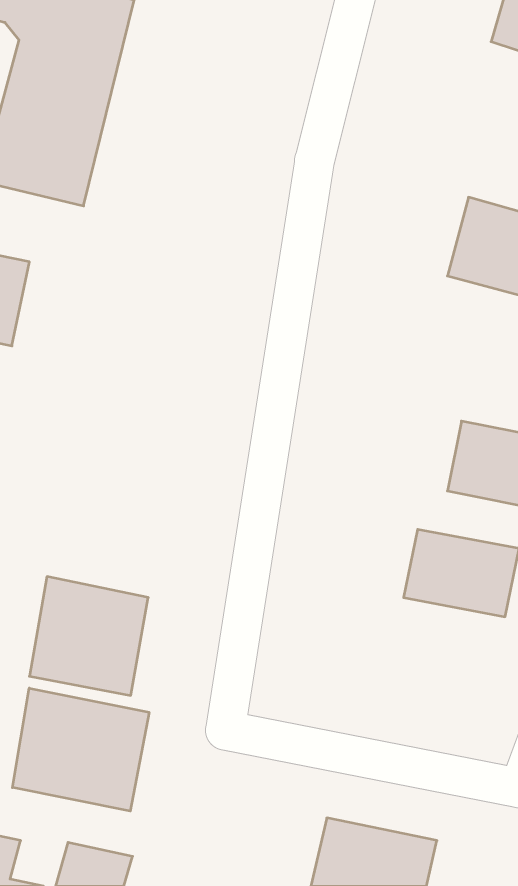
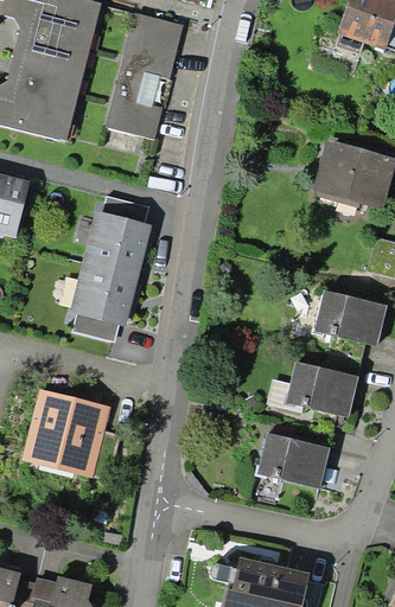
building: none -> [107,12,183,153]
building: none -> [69,213,149,327]
building: none -> [256,434,330,492]
building: [12,688,149,811] -> none

